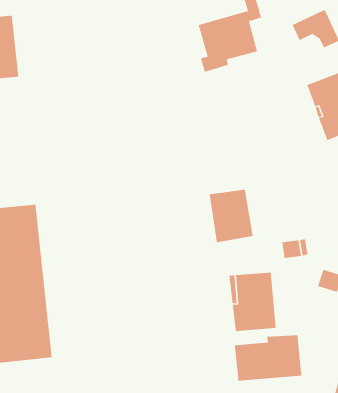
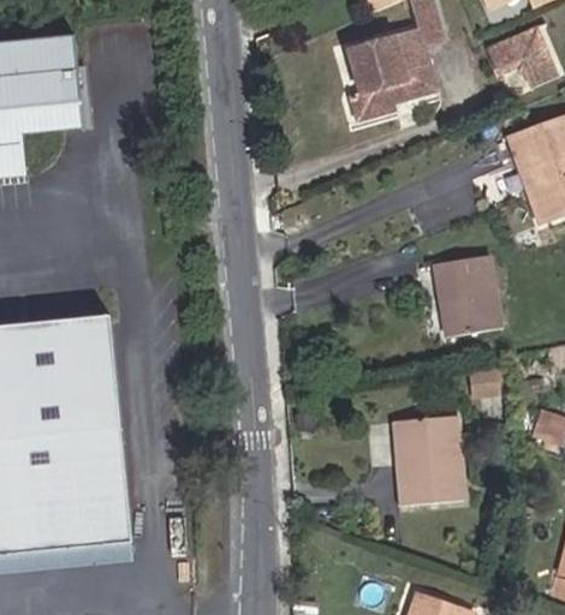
building: [209,189,254,243] -> [435,256,501,335]
building: [234,334,302,382] -> none

